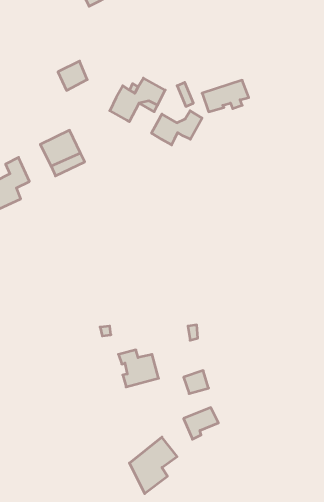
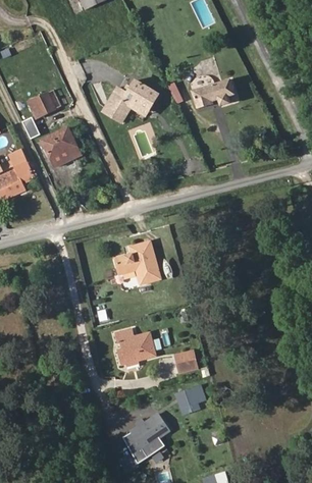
building: [58,61,87,90] -> [27,92,54,119]
building: [152,111,202,145] -> none
building: none -> [114,243,158,285]

